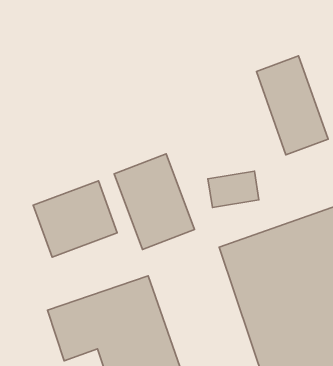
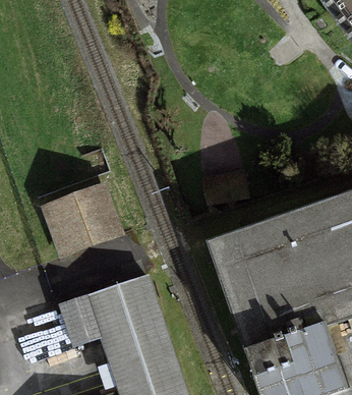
building: [256,56,328,155] -> none
building: [114,154,194,249] -> none

